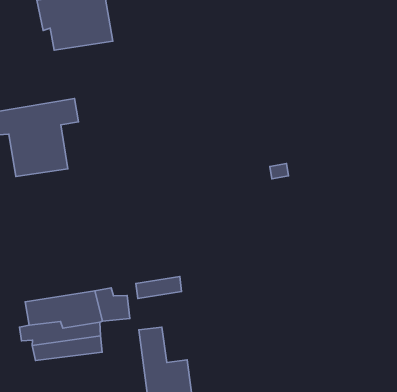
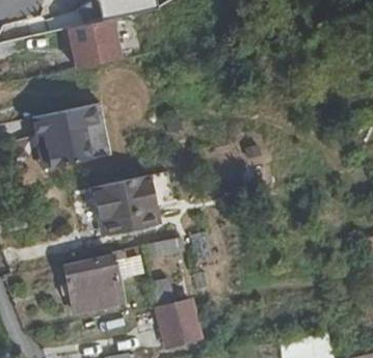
building: none -> [91,172,174,236]

